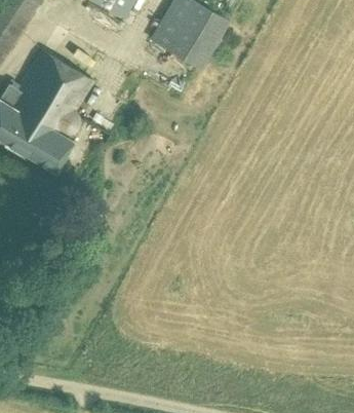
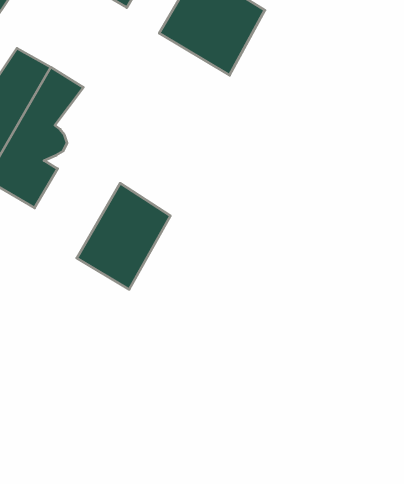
building: none -> [77,183,170,289]

